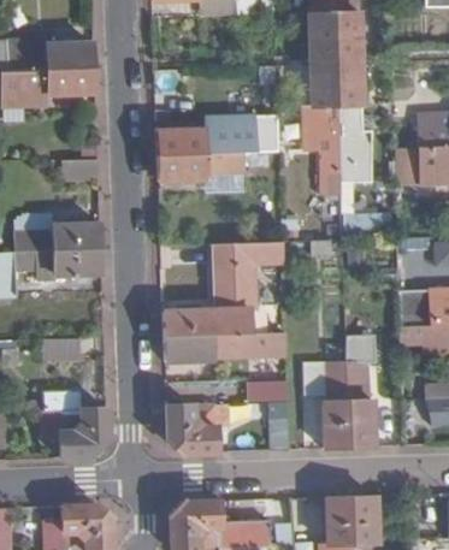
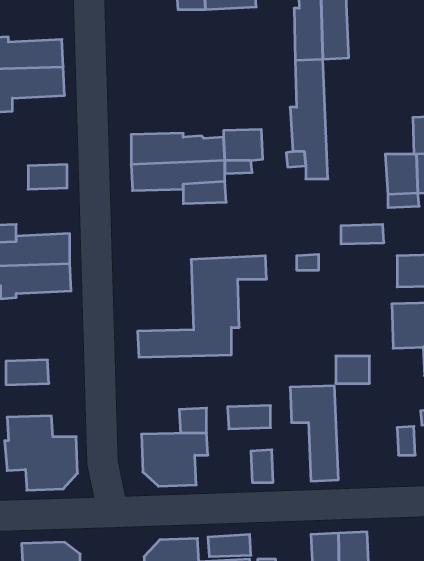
building: [335,59,362,173] -> none
building: [165,332,286,361] -> none
building: [345,362,374,449] -> none

